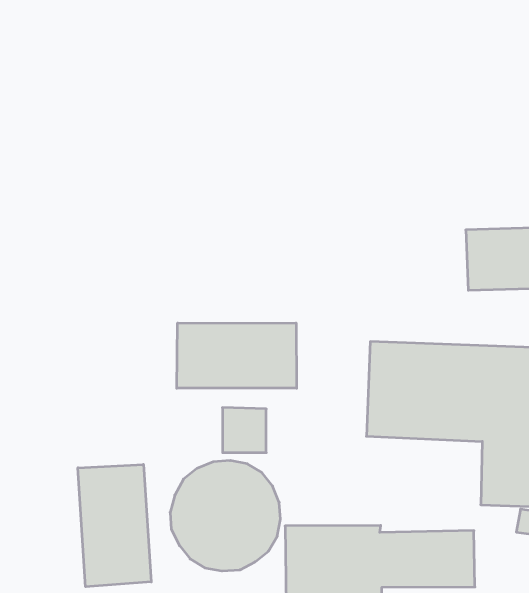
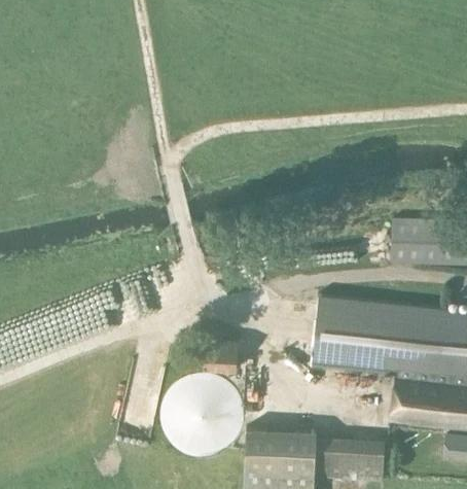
building: [177,323,297,388] -> none
building: [78,464,151,587] -> none

